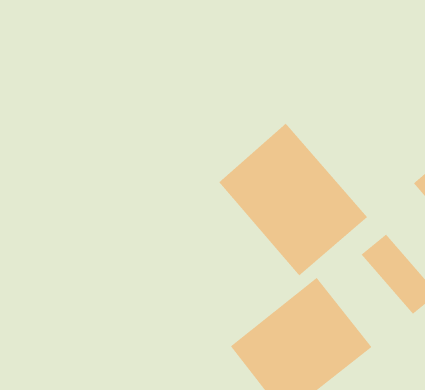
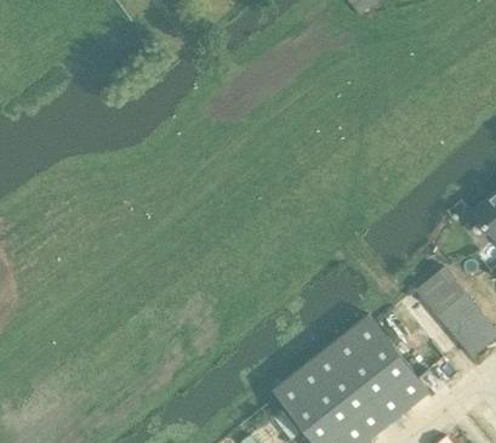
building: [218,123,368,276] -> none

